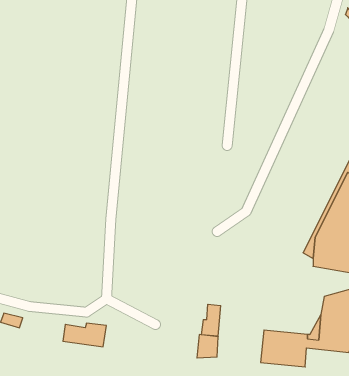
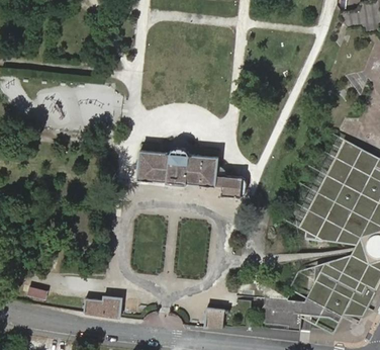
building: none -> [138,143,247,196]
building: [201,304,221,336] -> none

